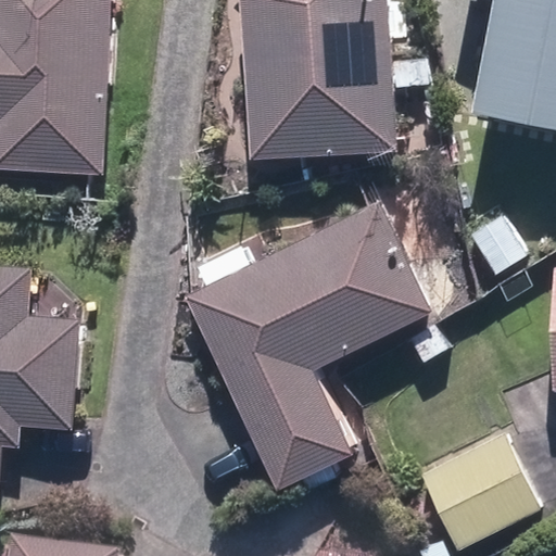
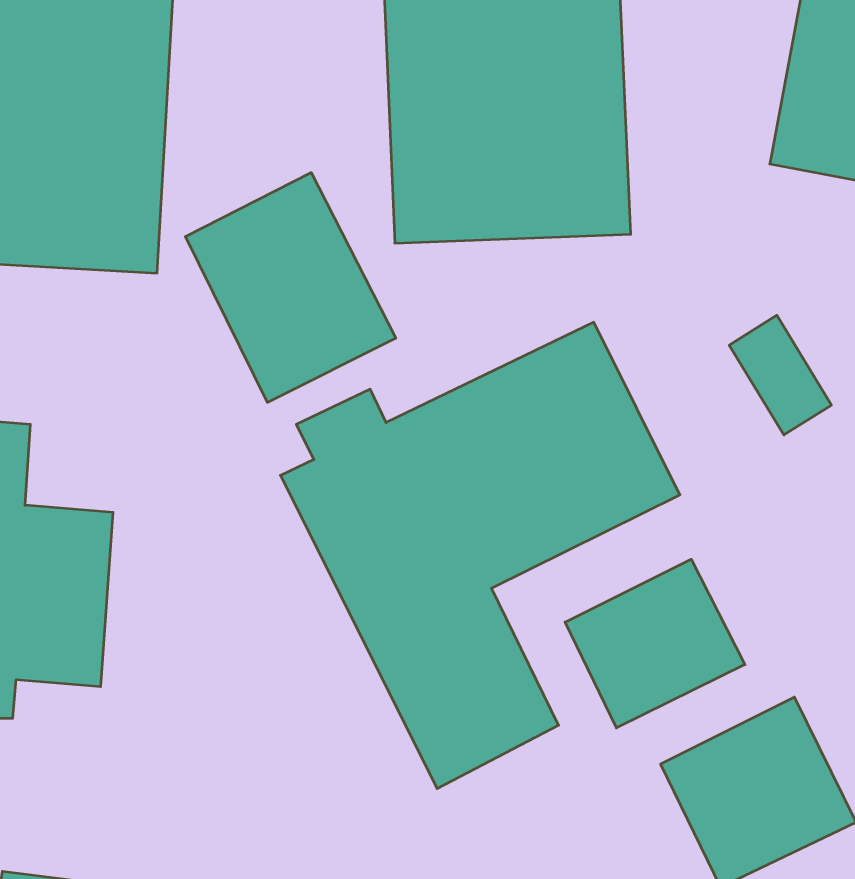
building: none -> [185,173,396,402]
building: none -> [565,559,745,728]

